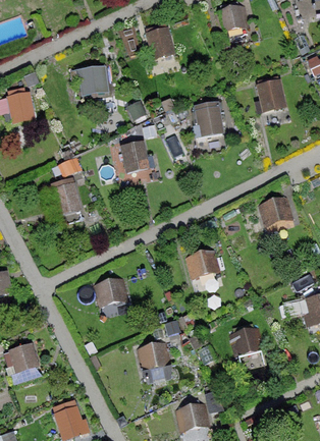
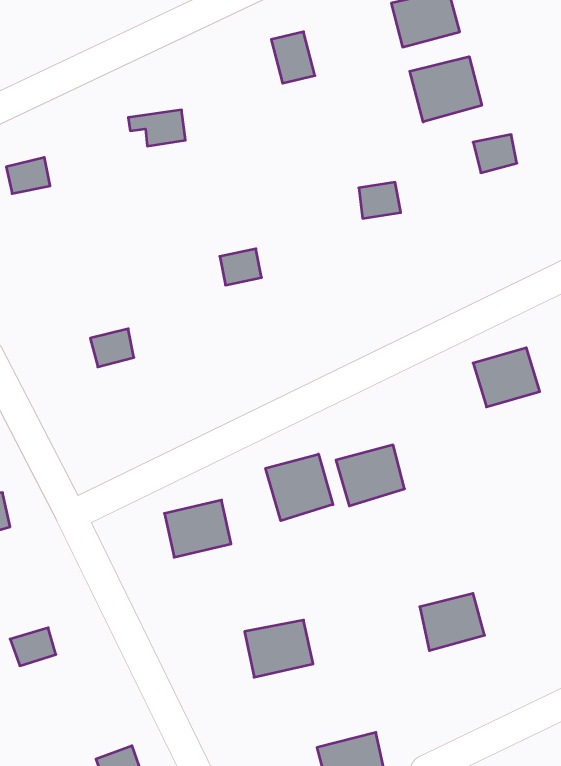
building: none -> [410,57,482,122]
building: none -> [266,454,333,521]

